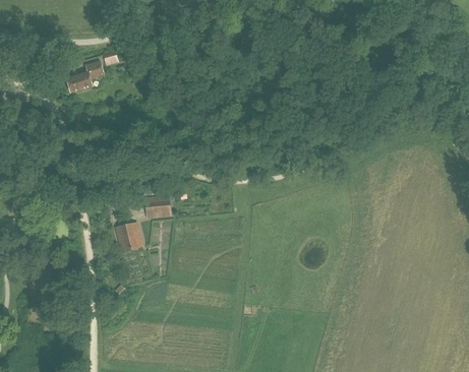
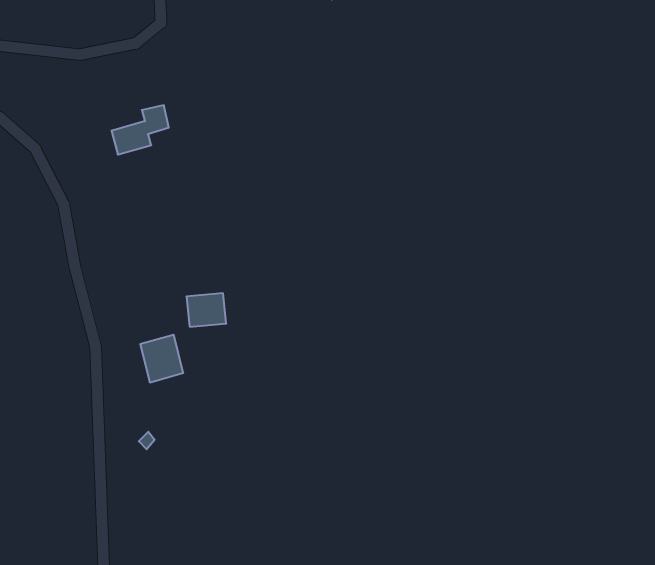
building: [66,60,103,91] -> [111,105,169,155]

